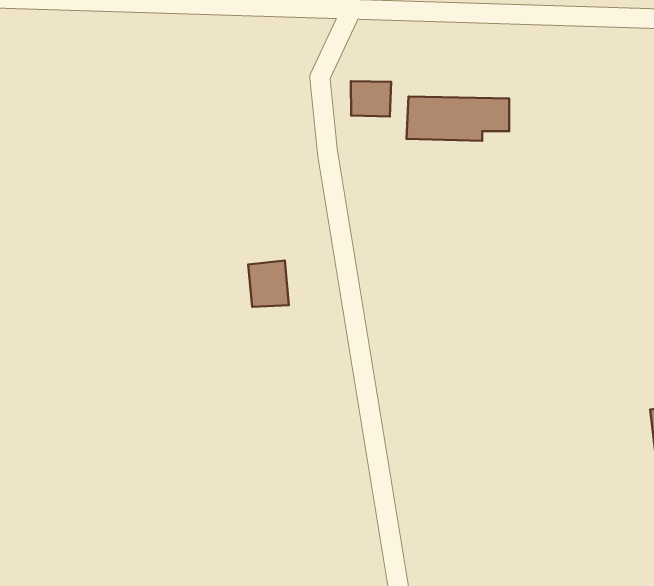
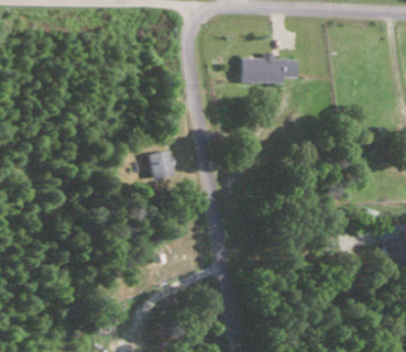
building: [351,81,391,116] -> none

